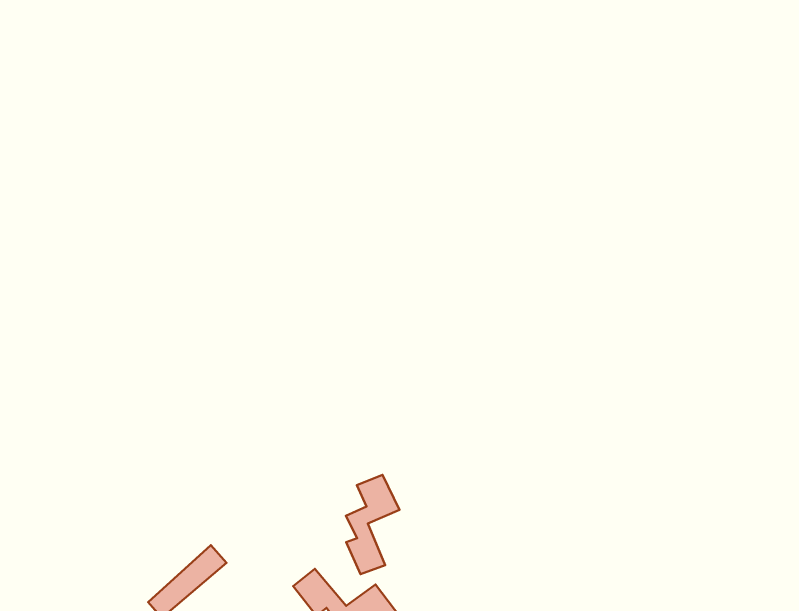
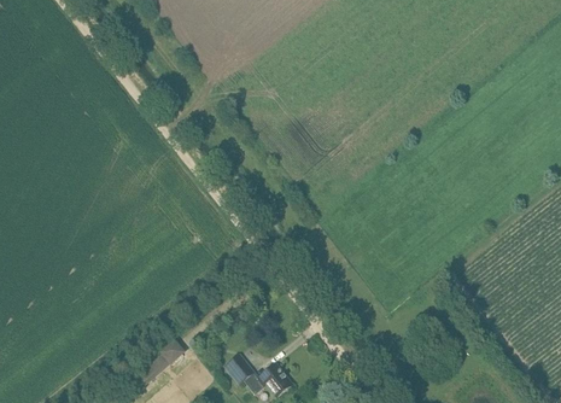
building: [346,475,399,574] -> none

